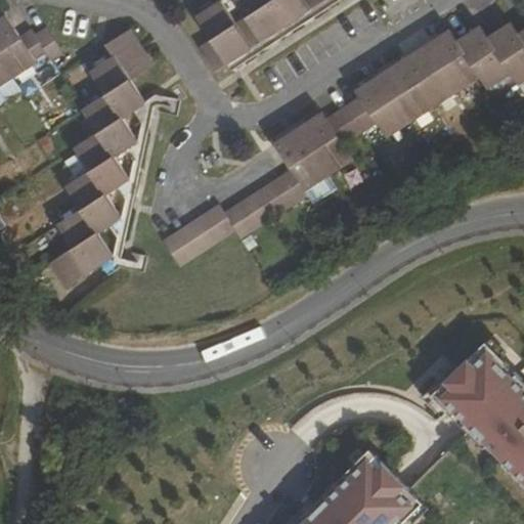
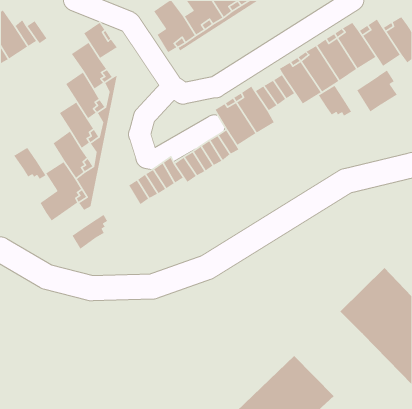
building: none -> [356,69,398,112]
building: none -> [318,85,352,117]
building: none -> [13,147,47,180]
building: none -> [72,214,108,250]

